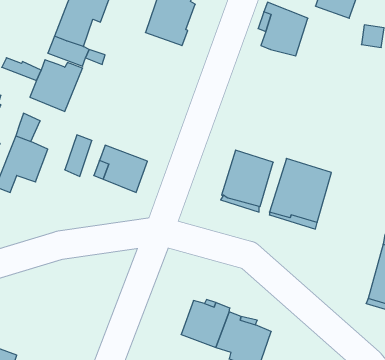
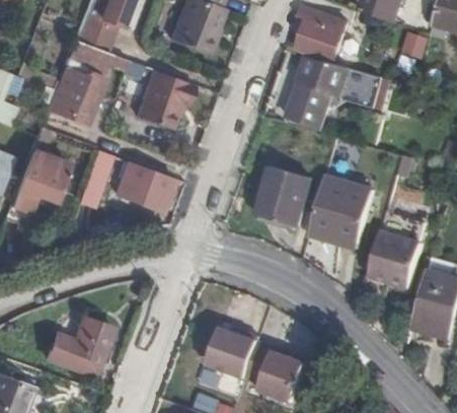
building: none -> [288,57,383,128]
building: none -> [136,72,193,131]
building: none -> [368,232,421,287]
building: none -> [46,317,112,376]

